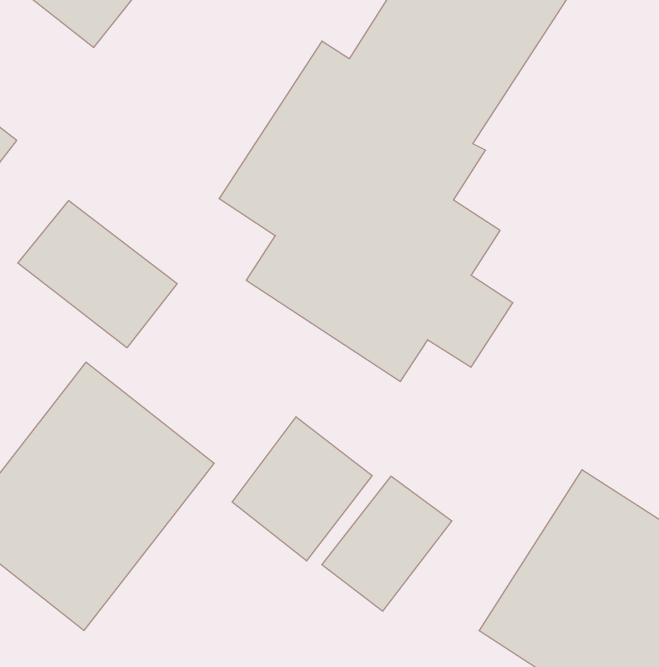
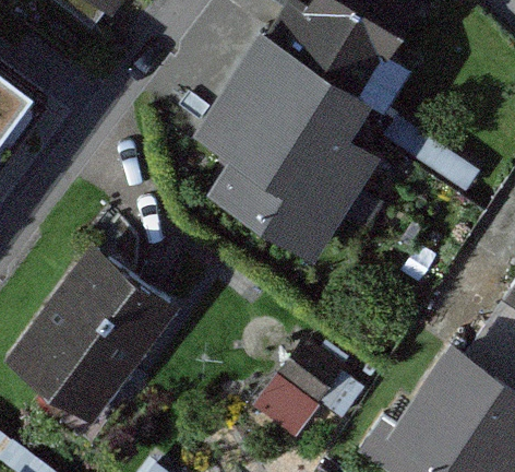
building: [18,201,177,348] -> none
building: [232,417,372,561] -> none

